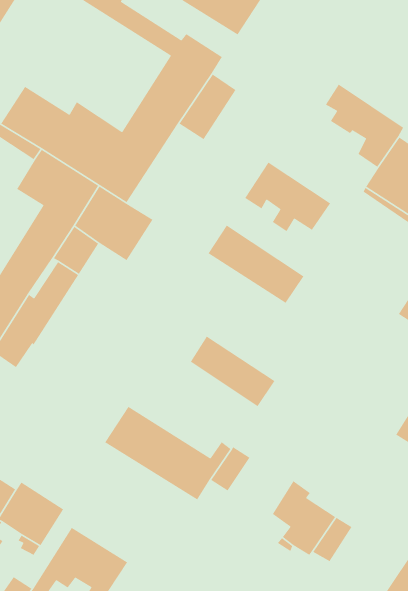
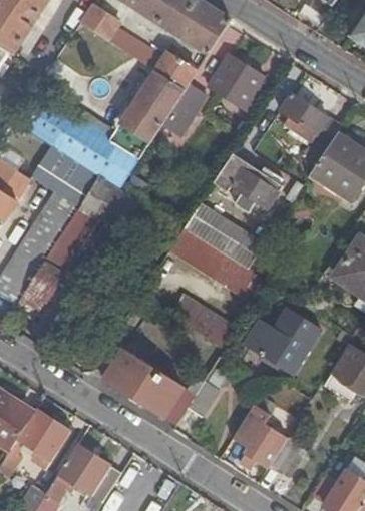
building: none -> [209,53,265,112]
building: none -> [169,227,269,303]
building: none -> [247,308,321,373]

